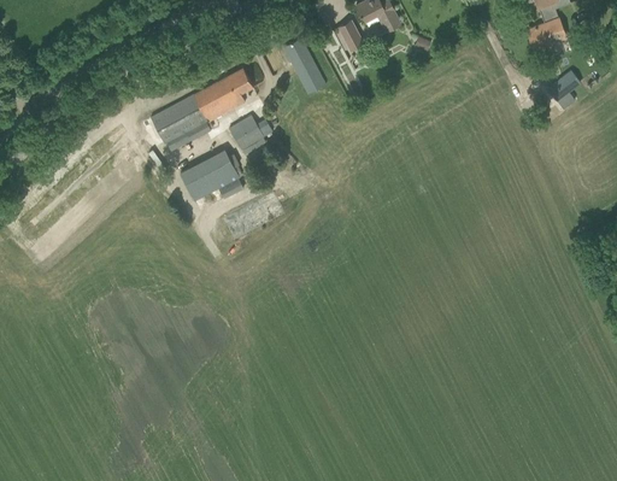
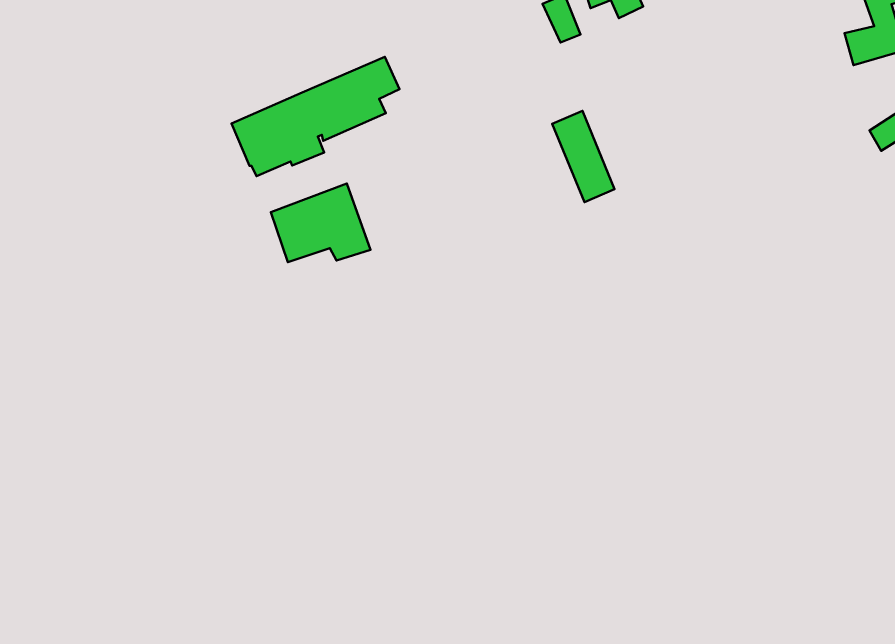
building: [283,37,325,94] -> [552,111,615,202]
building: [228,115,263,152] -> none

